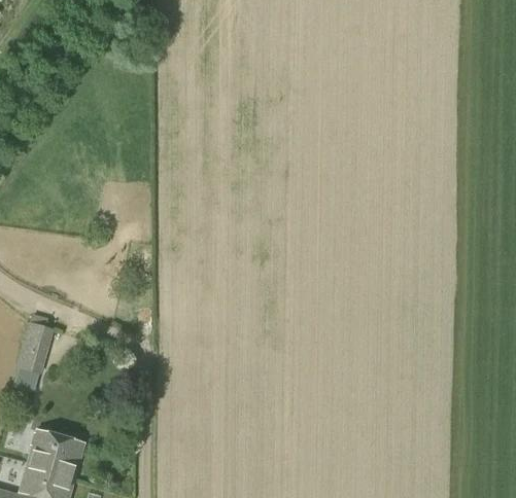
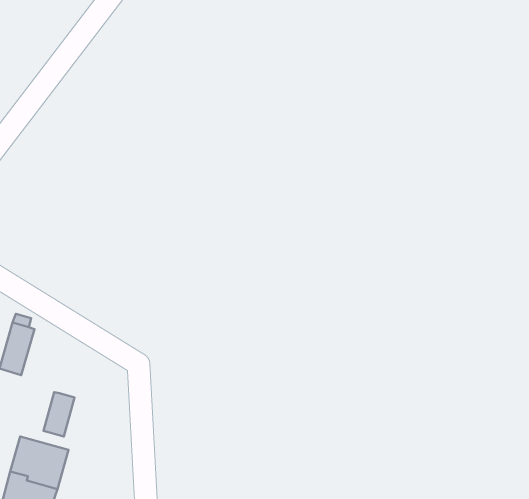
building: none -> [43,392,75,436]

